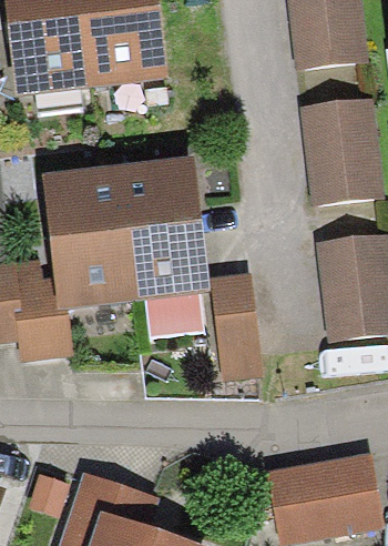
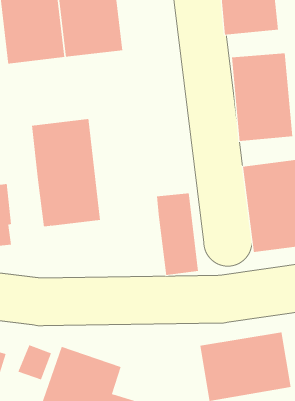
building: [118,169,207,309] -> none
building: [11,256,72,363] -> none

